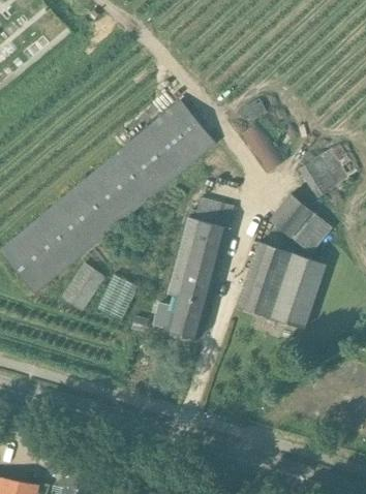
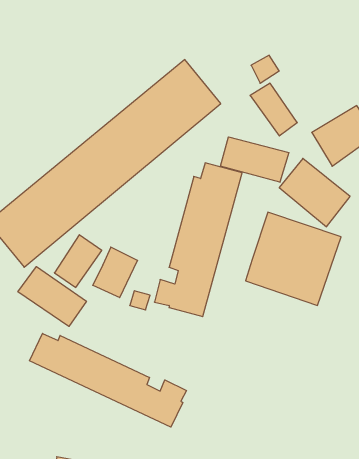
building: none -> [221,137,289,182]
building: none -> [18,267,86,326]
building: none -> [30,333,186,427]

